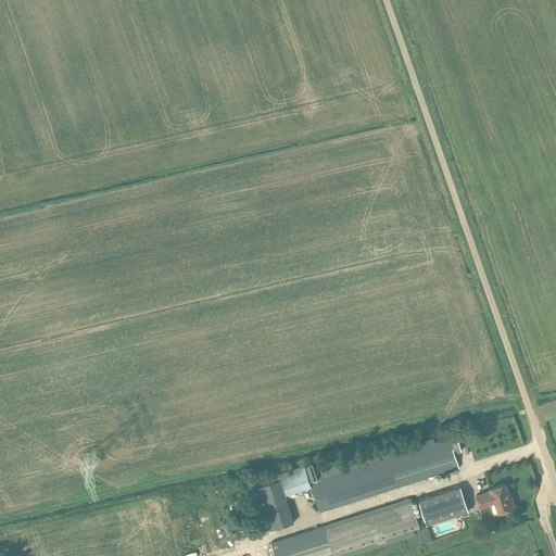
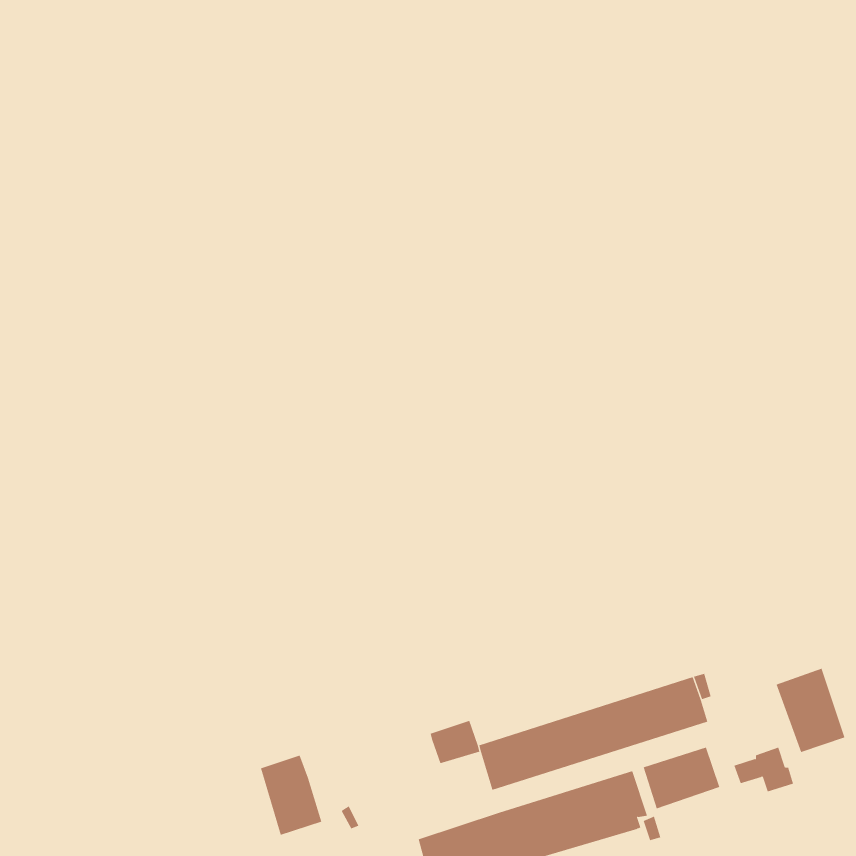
building: none -> [776,668,845,753]
building: [253,480,293,532] -> [260,755,322,835]

